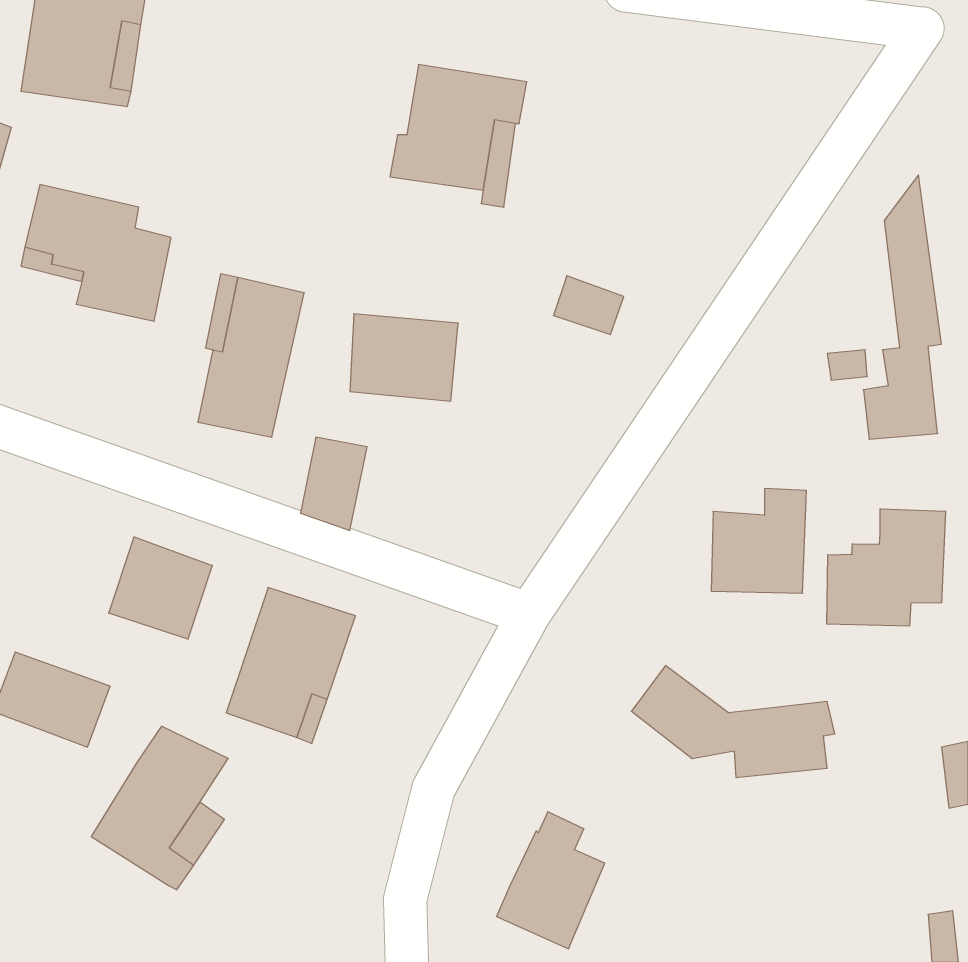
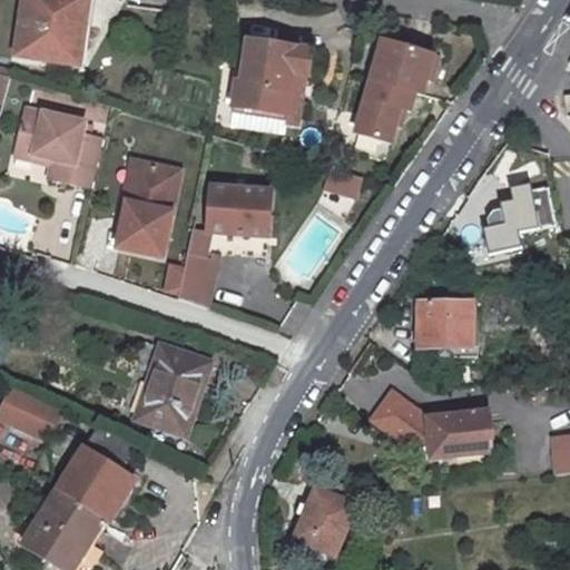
building: none -> [358,32,443,138]
building: [827,509,945,626] -> none
building: [109,537,212,639] -> none
building: none -> [19,490,99,557]

